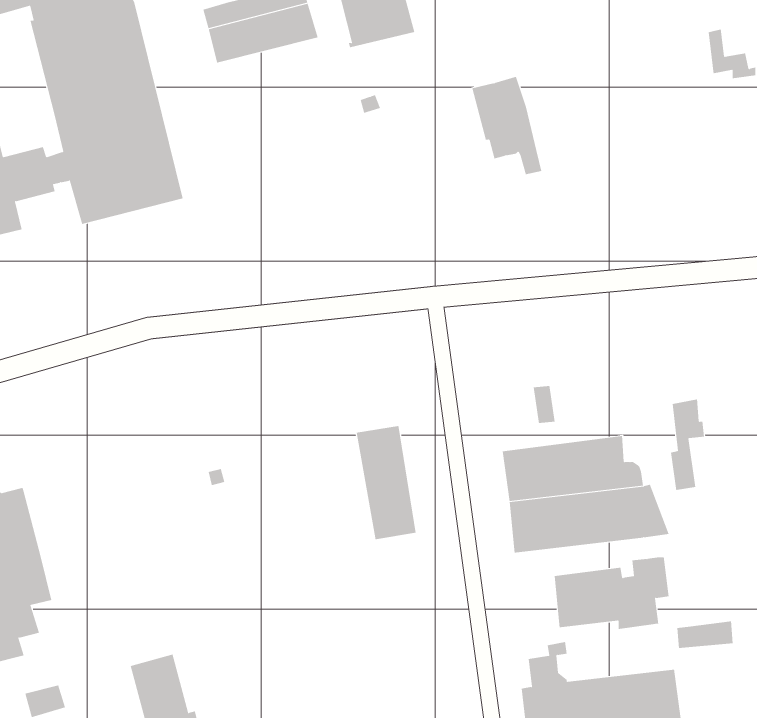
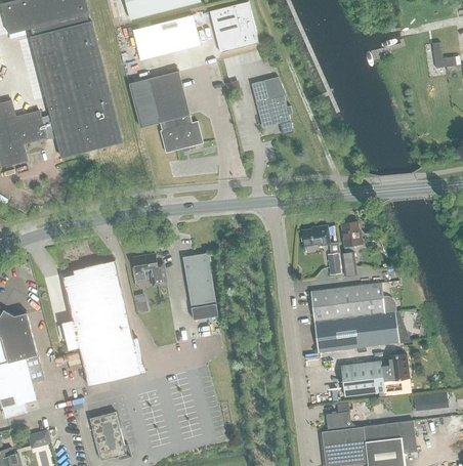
building: [471,76,542,175] -> [250,76,292,134]
building: none -> [128,70,202,152]
building: none -> [301,225,329,245]
building: none -> [131,253,165,286]
building: [670,399,705,491] -> [340,220,361,274]
building: none -> [61,260,145,387]
building: [356,425,416,540] -> [181,252,217,320]

